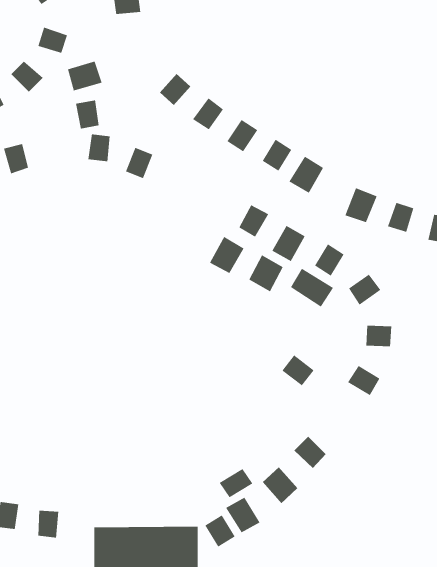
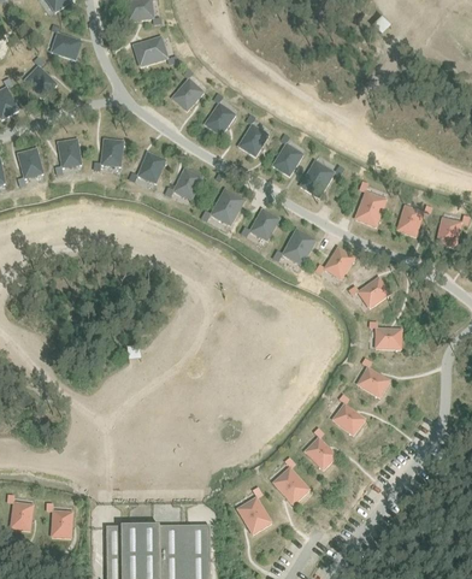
building: [67,61,102,91] -> [132,35,167,65]
building: [75,100,100,129] -> [57,137,81,166]
building: none -> [173,166,202,199]
building: [209,236,244,274] -> [210,187,244,224]
building: [248,255,284,292] -> none
building: [290,268,334,307] -> none
building: [282,355,315,386] -> [332,402,365,433]
building: [219,468,253,498] -> none
building: [205,515,235,548] -> none

